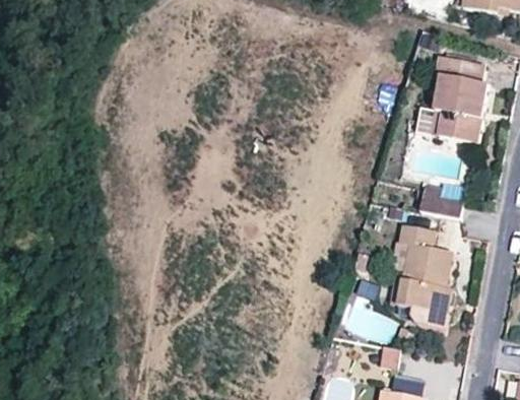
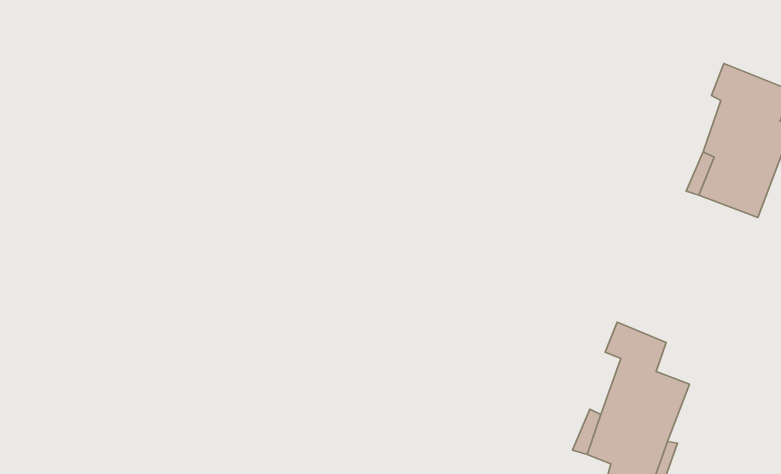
building: [417,187,461,219] -> none

